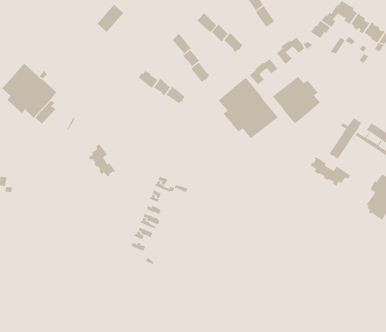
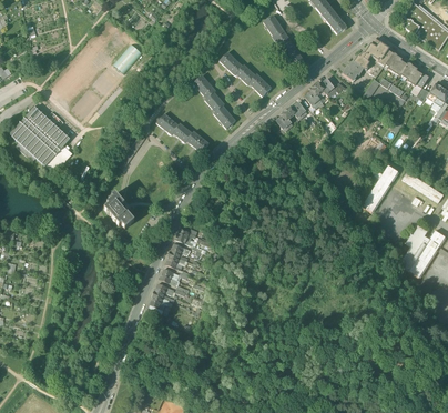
building: [272,76,321,124] -> none
building: [218,77,278,139] -> none
building: [310,156,351,187] -> none

